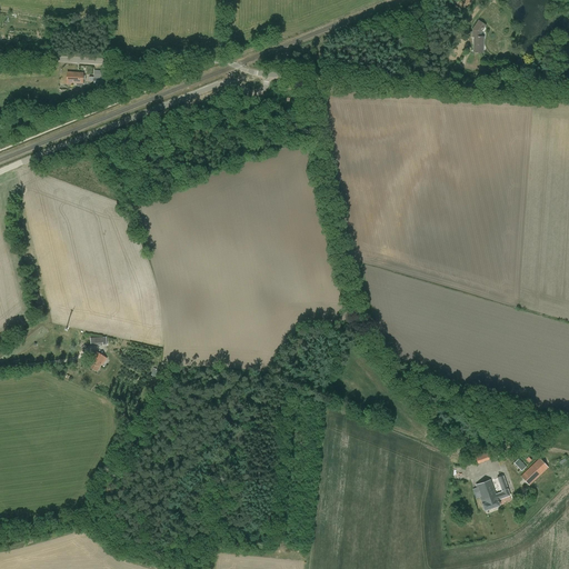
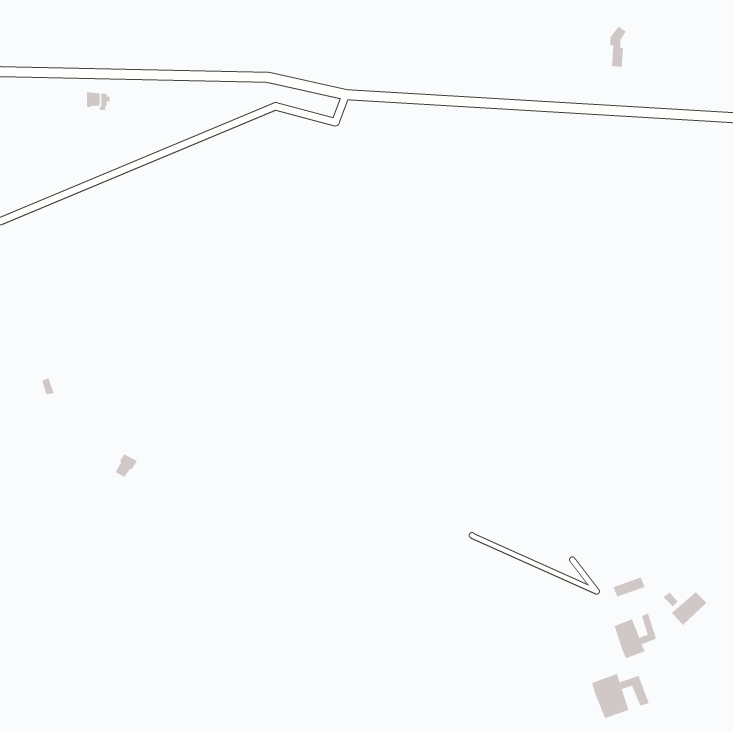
building: none -> [592,673,650,719]

